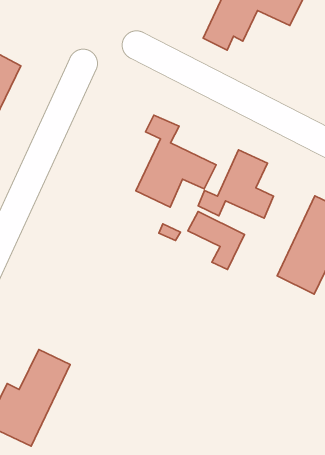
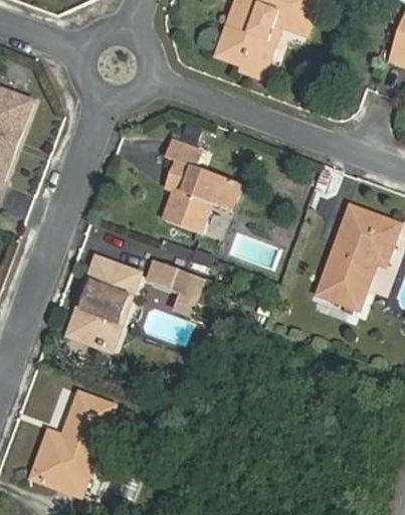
building: [198,150,274,218] -> none
building: [188,211,245,270] -> [143,259,202,316]
building: none -> [66,256,138,349]

